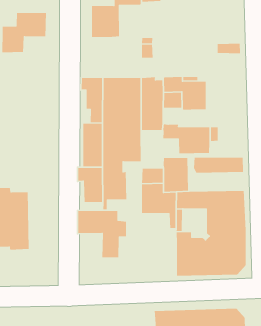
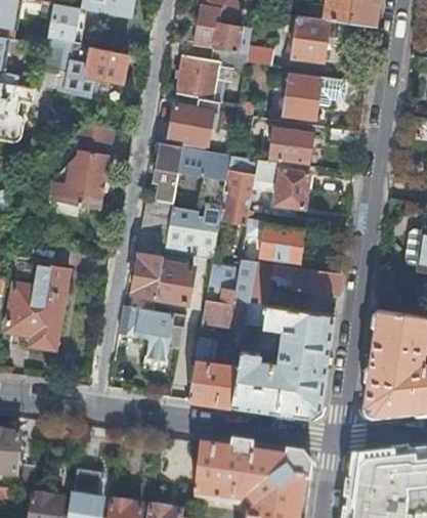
building: none -> [284,73,346,121]
building: none -> [170,99,221,145]
building: none -> [271,127,313,162]
building: none -> [50,126,114,208]
building: none -> [188,340,239,407]

